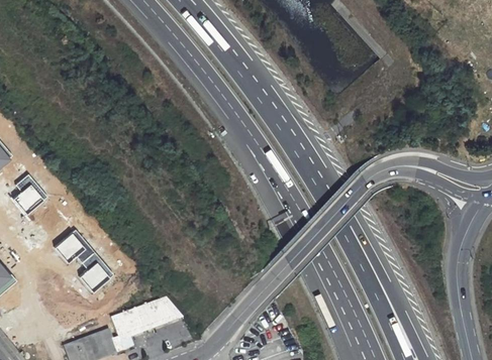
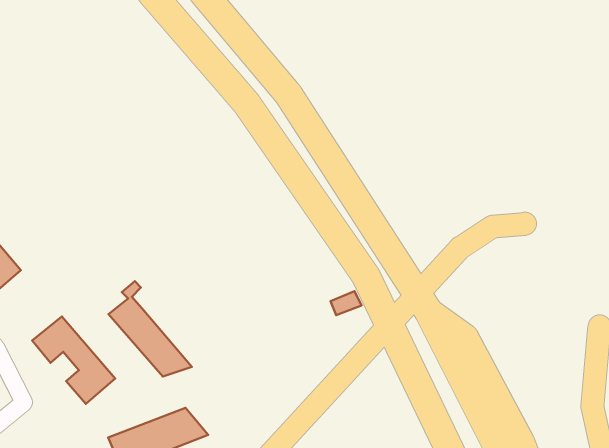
building: none -> [109,281,192,377]

